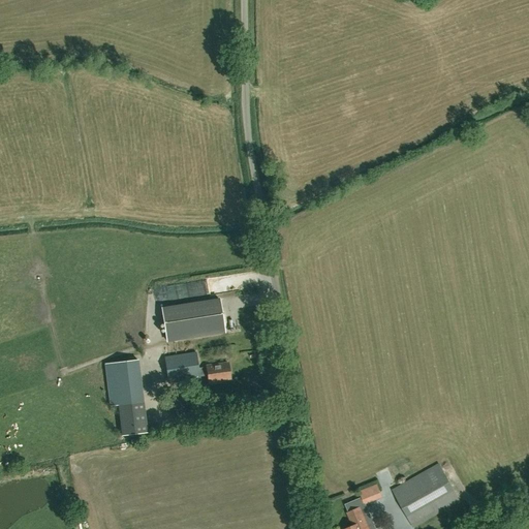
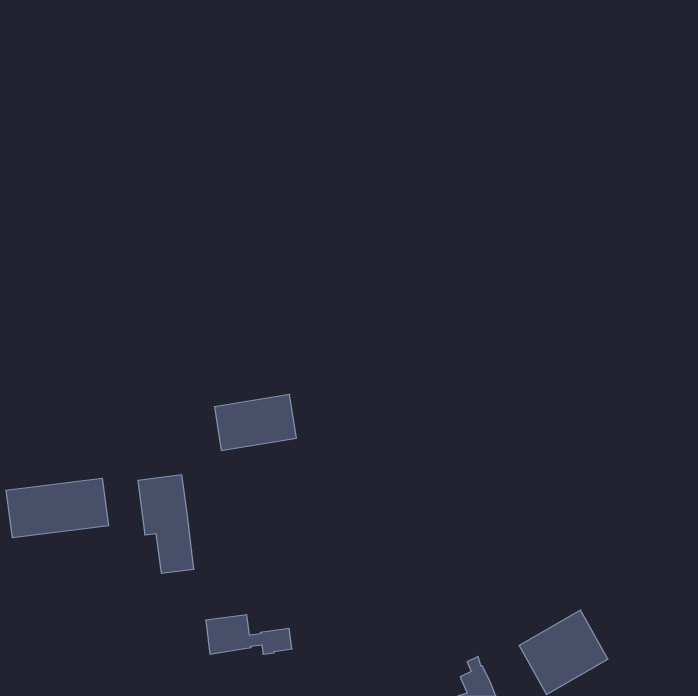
building: [165,352,230,382] -> [206,615,292,654]
building: none -> [6,478,108,538]

